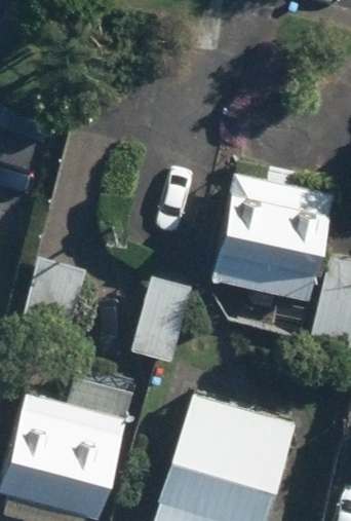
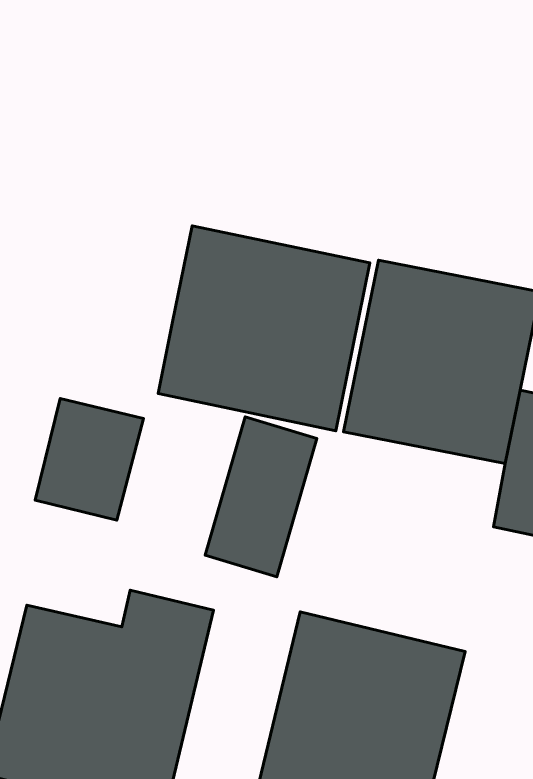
building: none -> [158,226,370,431]

